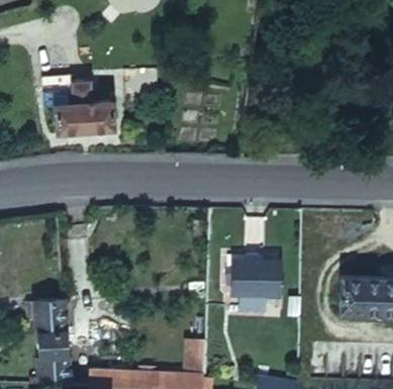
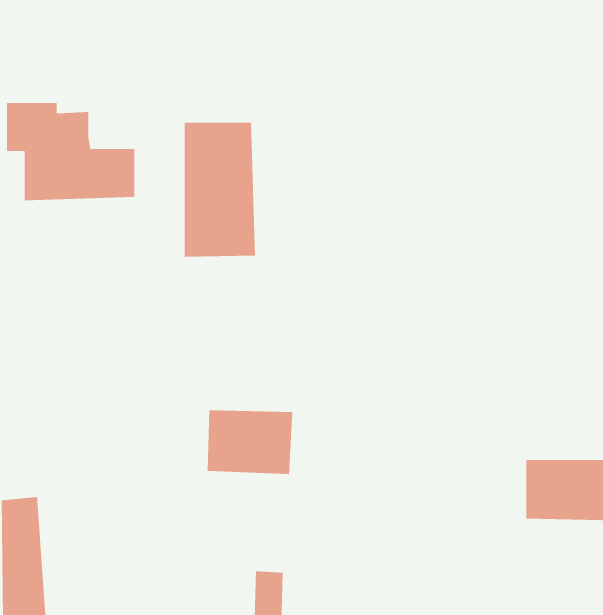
building: none -> [184,122,256,257]
building: [230,259,280,296] -> [207,410,293,475]

